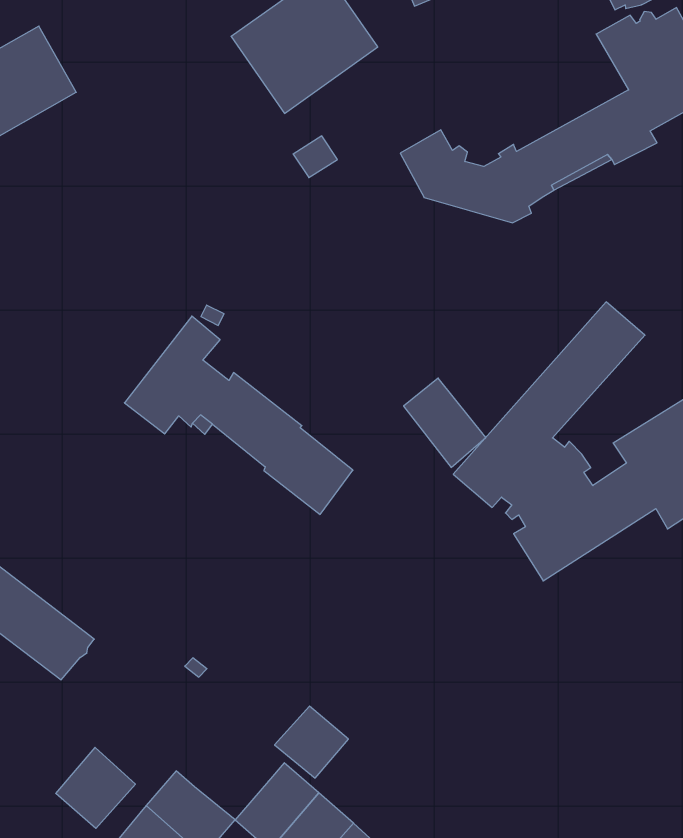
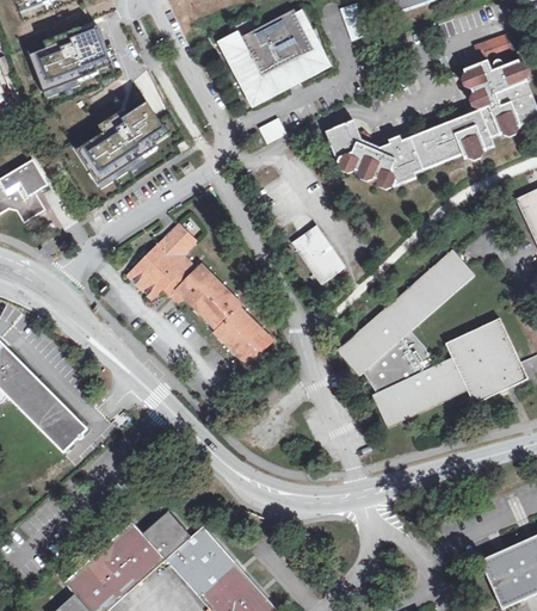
building: none -> [76,98,171,183]
building: [404,378,486,467] -> [285,226,337,285]
building: [275,706,348,778] -> [141,510,190,557]
building: [56,747,135,828] -> none

